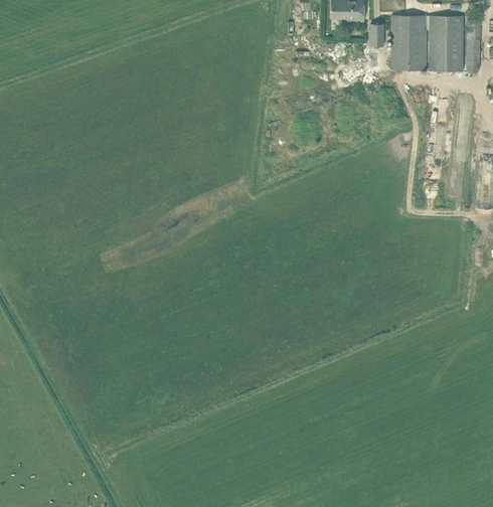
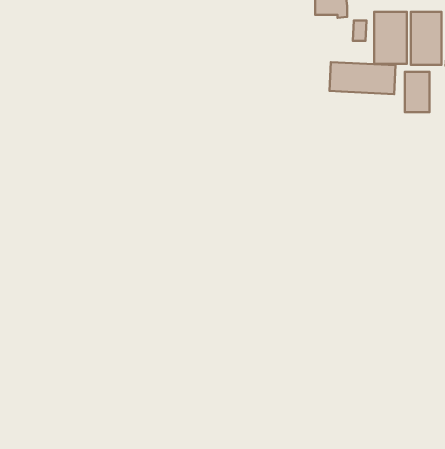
building: none -> [330,62,395,94]
building: none -> [405,72,429,112]

